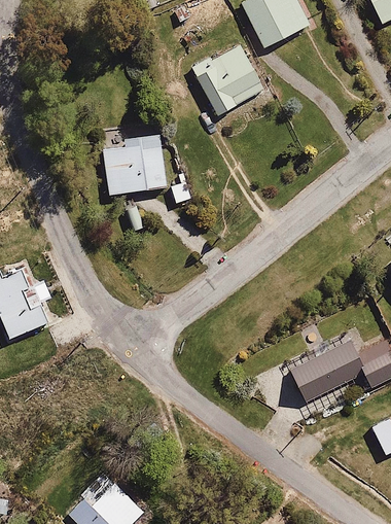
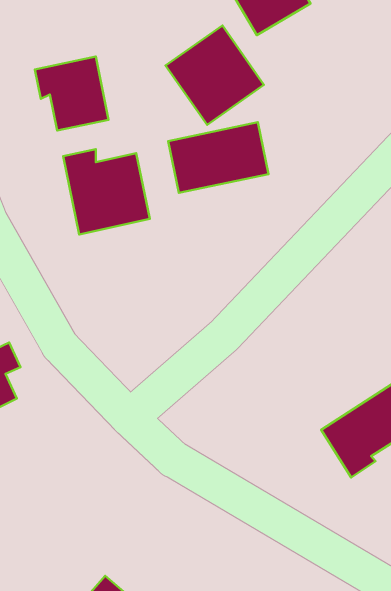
building: none -> [35,57,109,131]
building: none -> [168,122,269,193]

